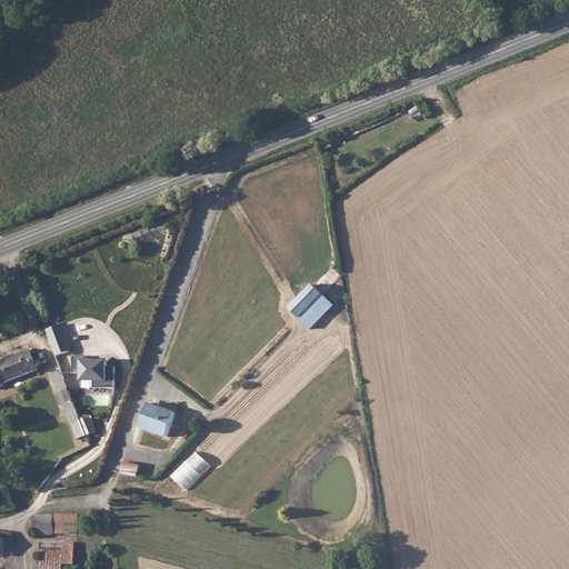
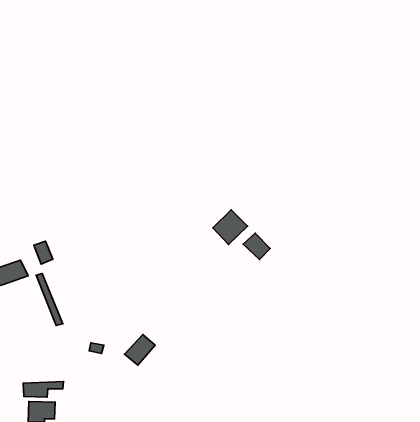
building: none -> [243,233,270,260]
building: [71,358,116,387] -> none
building: [140,405,176,437] -> none

